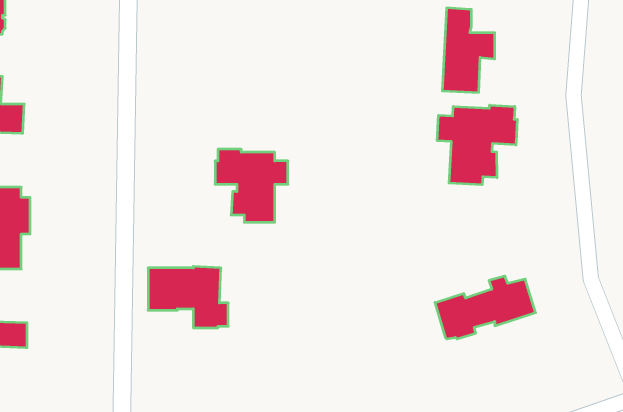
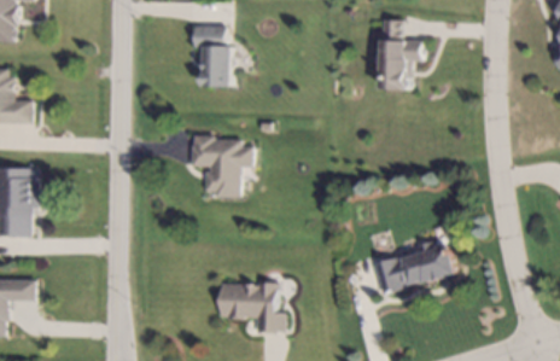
building: none -> [194,25,233,86]
building: [437,105,517,185] -> none
building: [148,266,228,328] -> [220,281,286,332]

